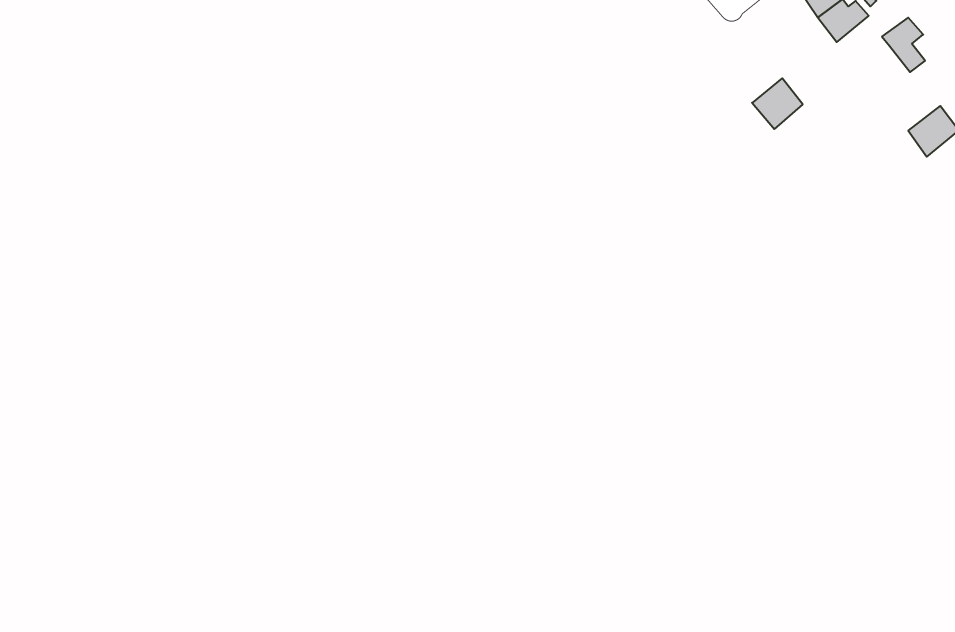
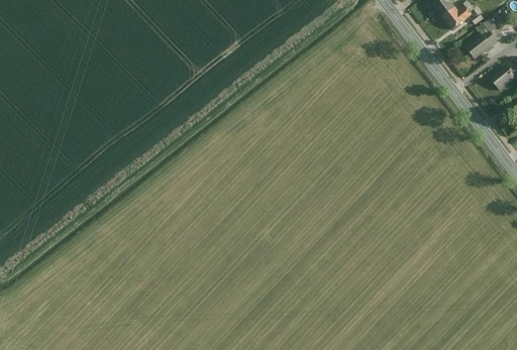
building: [752,78,803,129] -> [464,31,492,59]

